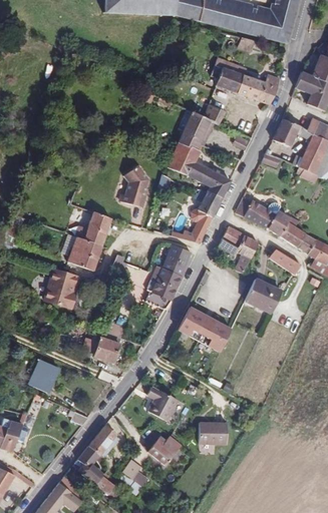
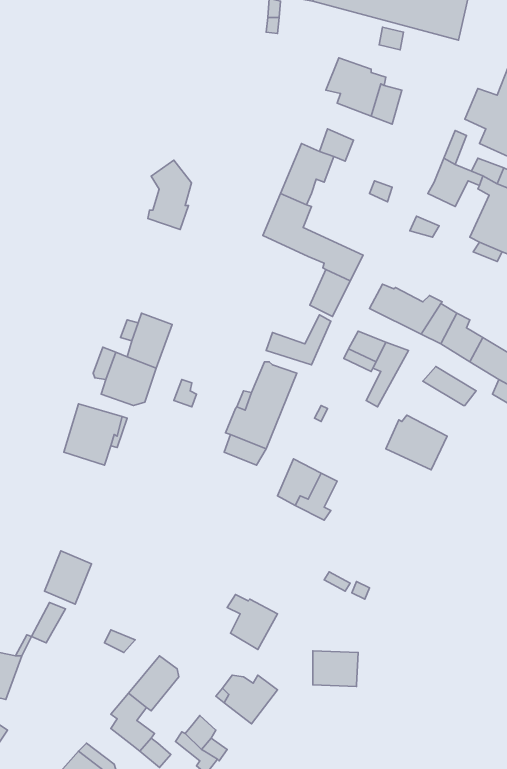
building: [249,67,281,103] -> none
building: [122,164,149,207] -> [148,160,192,230]
building: [207,318,232,349] -> none
building: [89,331,122,362] -> none

